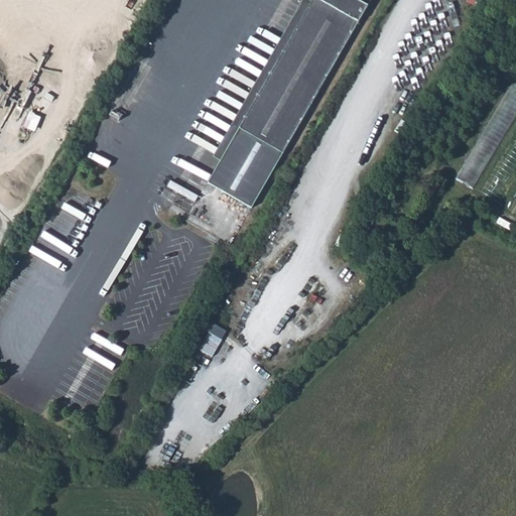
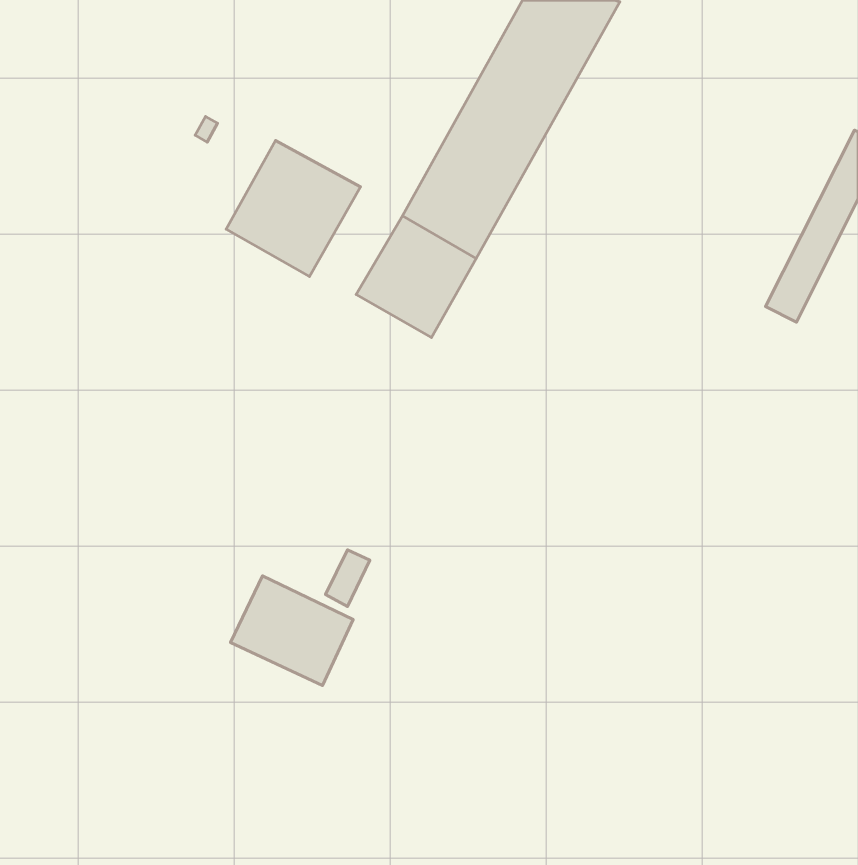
building: none -> [226,140,360,277]
building: none -> [231,576,353,685]

